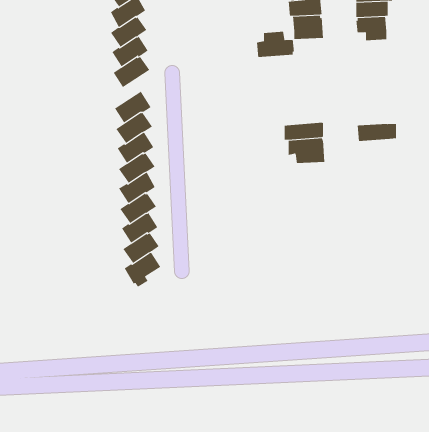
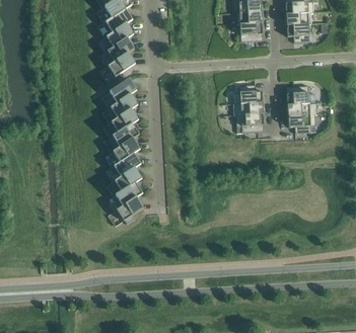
building: [256,31,295,58] -> [234,85,263,104]
building: none -> [286,86,309,104]
building: none -> [287,114,315,134]

